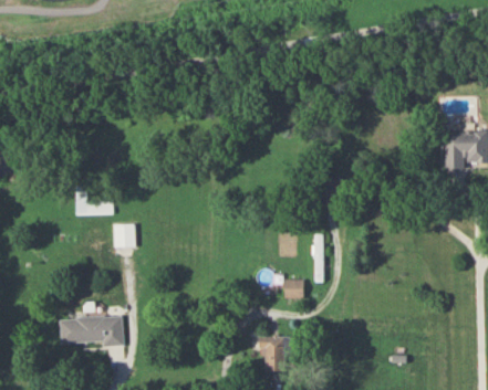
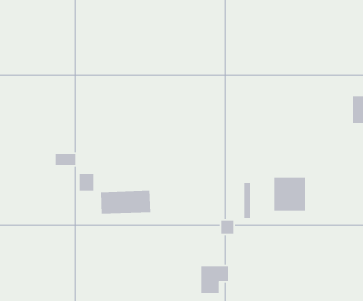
building: none -> [274,177,306,211]
building: [60,316,122,346] -> [100,190,151,215]

